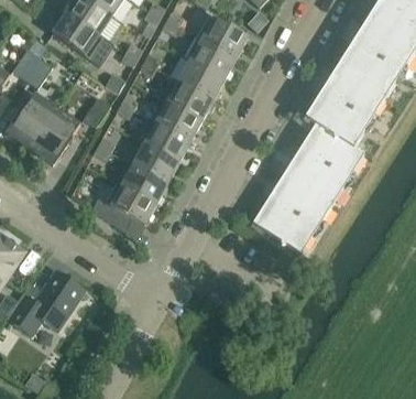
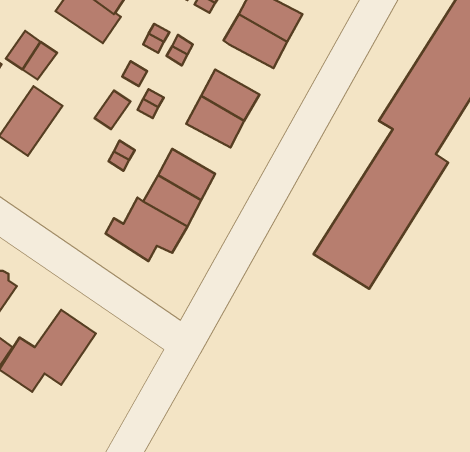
building: [177,60,223,99] -> none
building: [29,108,79,164] -> none
building: [143,122,189,162] -> none

